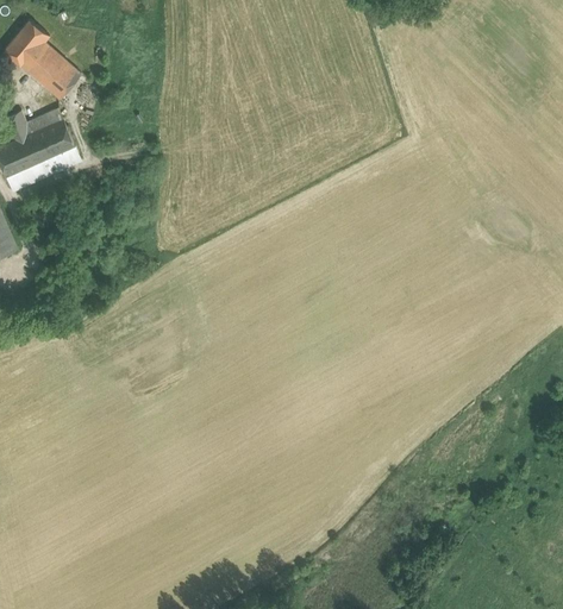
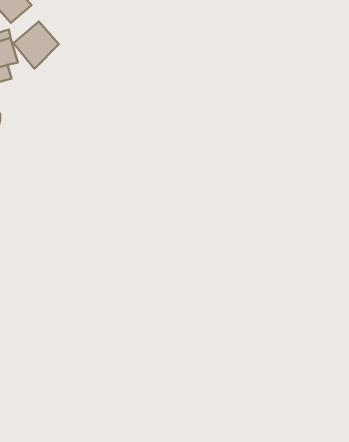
building: none -> [14,22,59,68]

